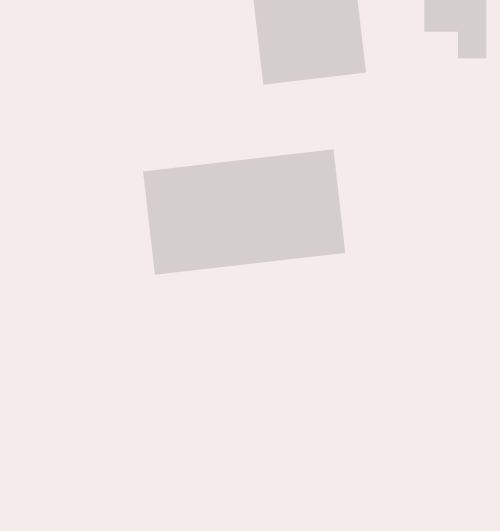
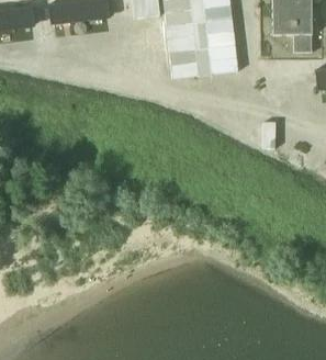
building: [143,149,346,276] -> none

